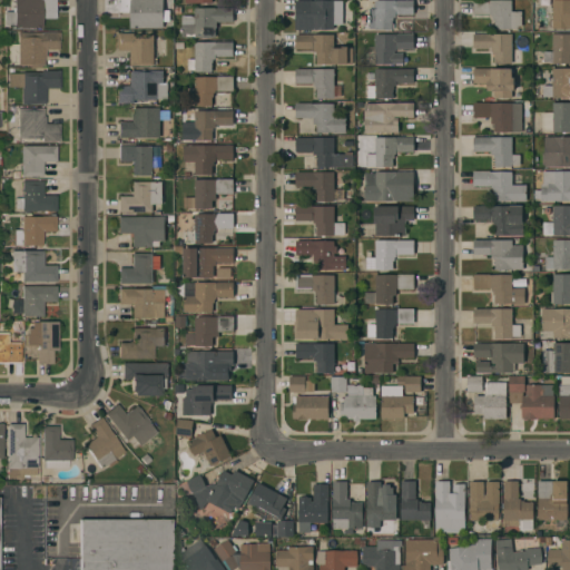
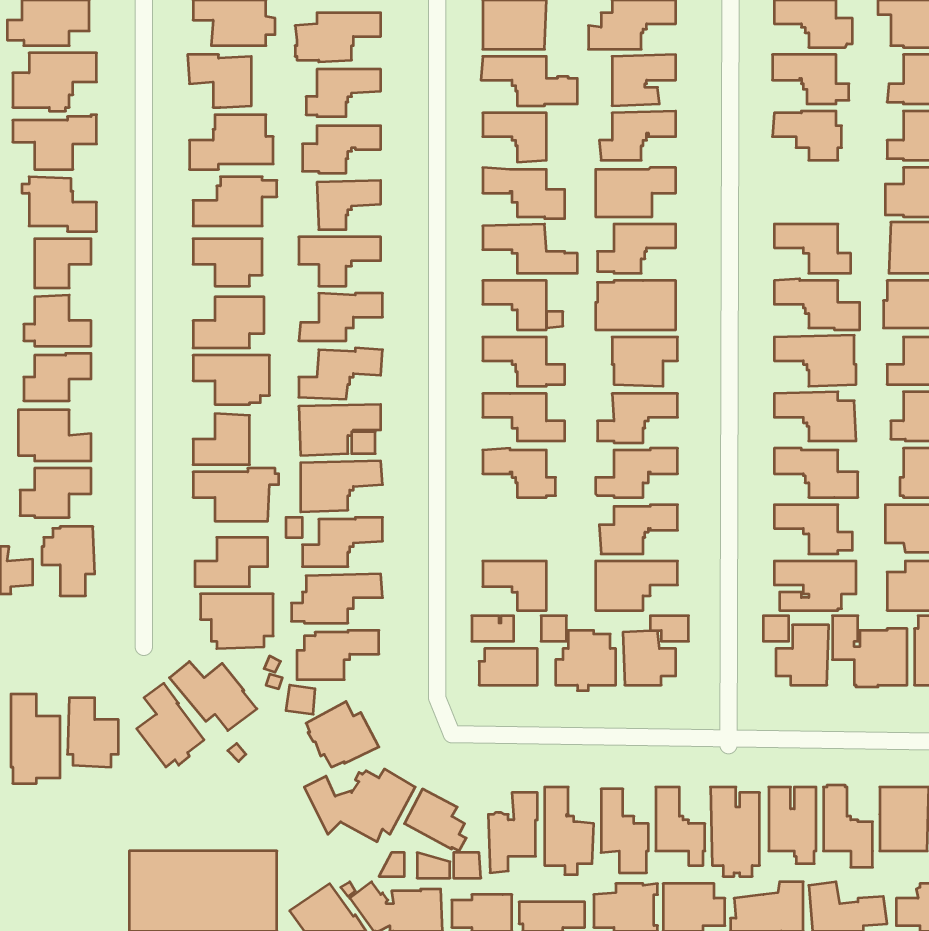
building: [474,102,522,132] -> none
building: [295,309,348,338] -> none

